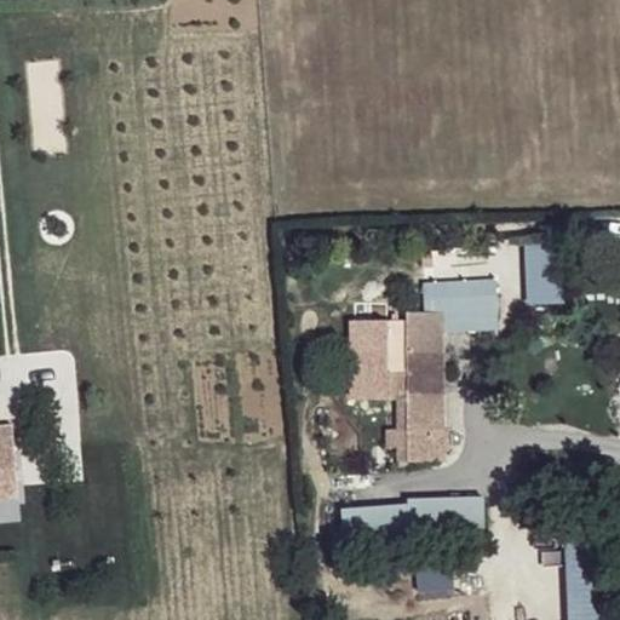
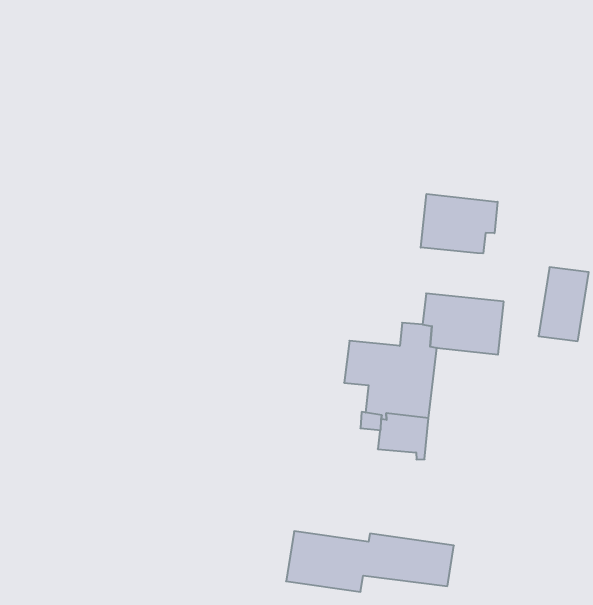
building: none -> [421,194,498,253]
building: [394,420,444,463] -> none

